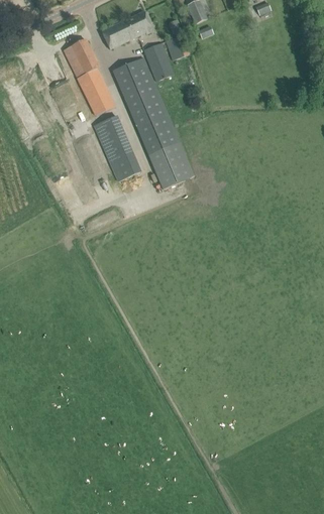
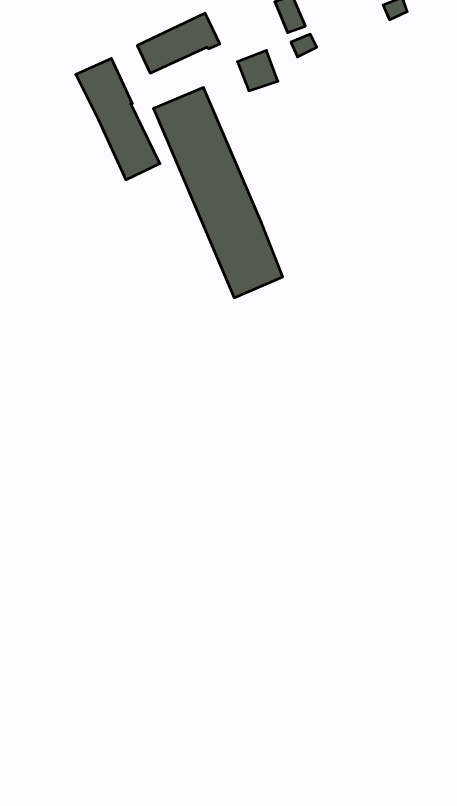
building: [141,40,174,80] -> none
building: [92,114,140,181] -> none

